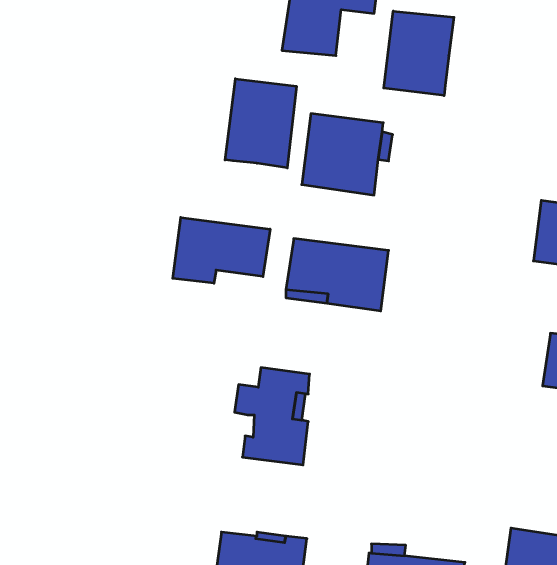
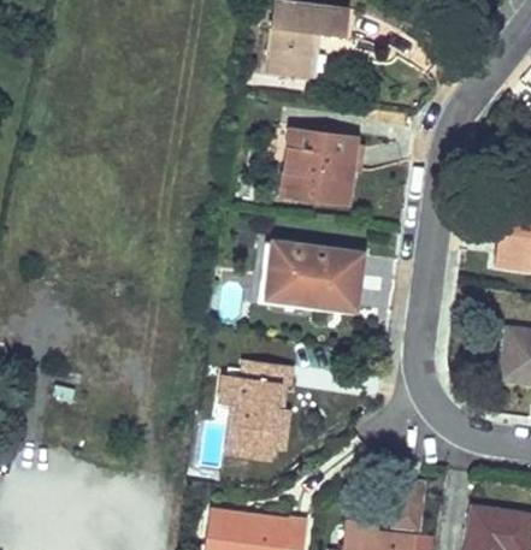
building: [384,11,454,96] -> none
building: [225,79,296,168] -> none
building: [173,217,270,283] -> none

